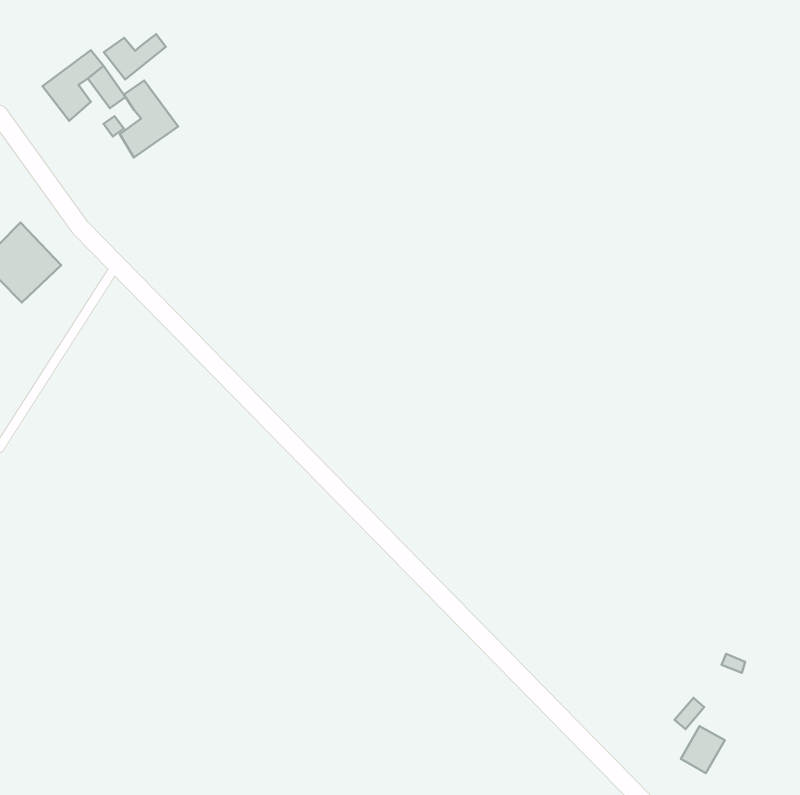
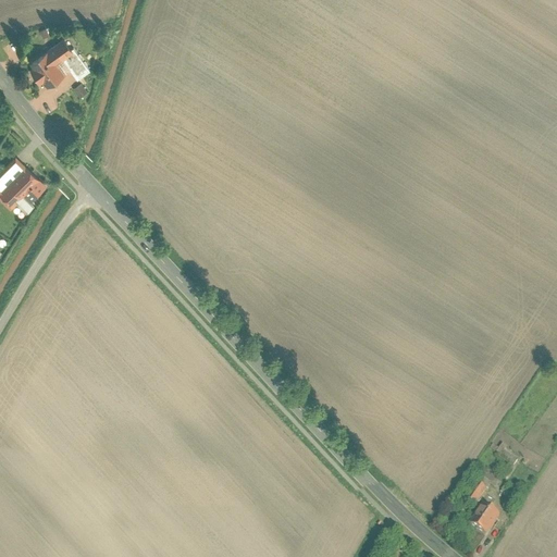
building: [104,34,166,80] -> none
building: [120,81,178,157] -> none

